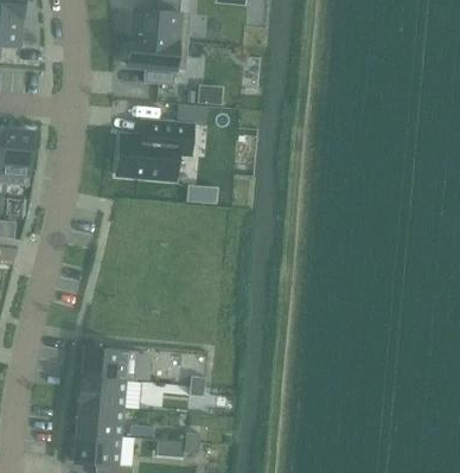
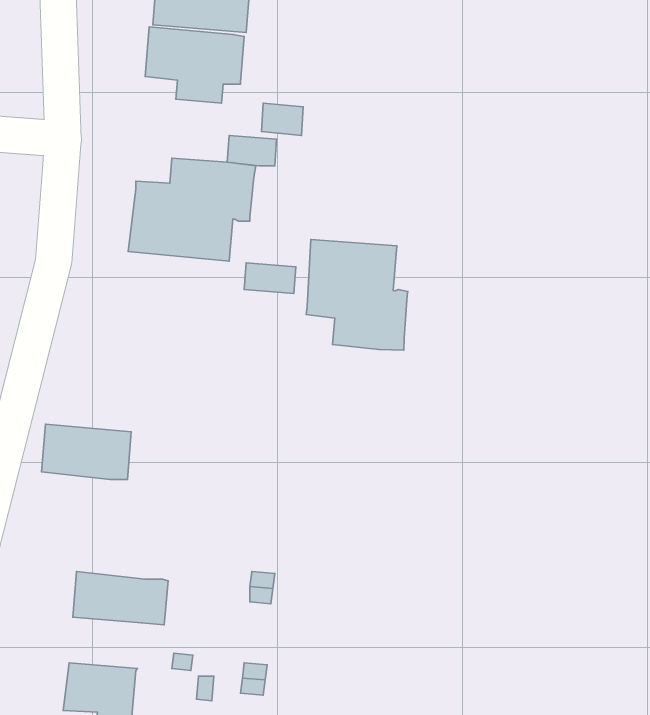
building: none -> [306,239,408,350]
building: [82,346,138,381] -> [42,424,131,480]
building: [77,404,122,436] -> none

